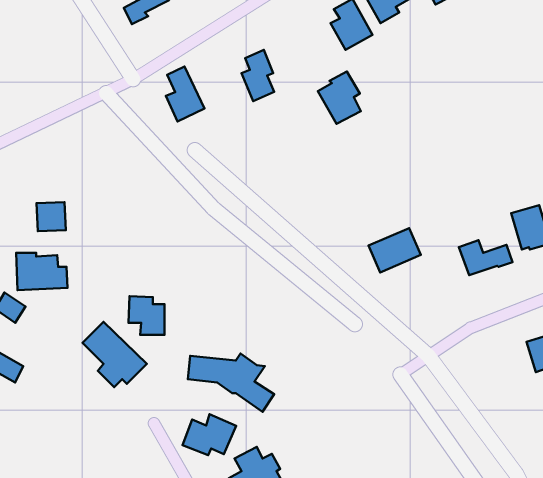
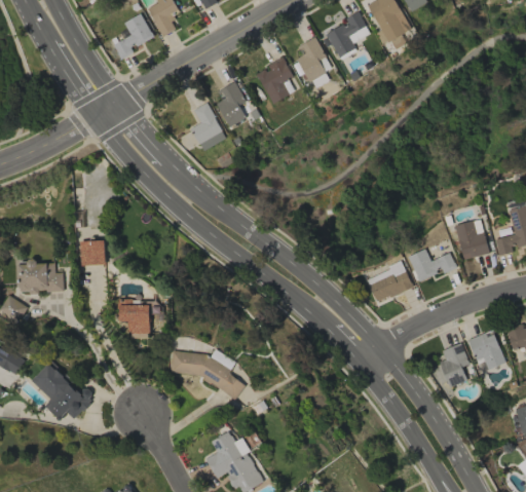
building: [166,67,205,121] -> [191,102,225,150]
building: [318,71,361,124] -> [256,56,294,103]
building: [37,202,66,231] -> [79,239,105,265]
building: [368,228,421,272] -> [366,263,412,302]
building: [82,322,147,387] -> [32,362,88,419]
building: none -> [440,342,469,386]
building: [182,414,236,455] -> none

